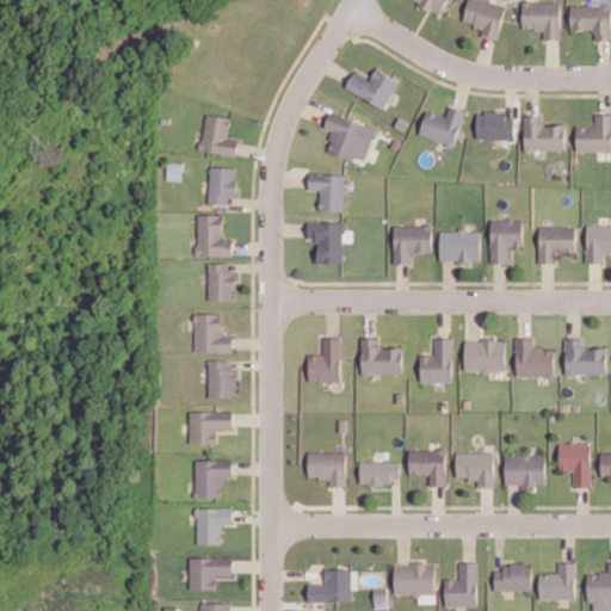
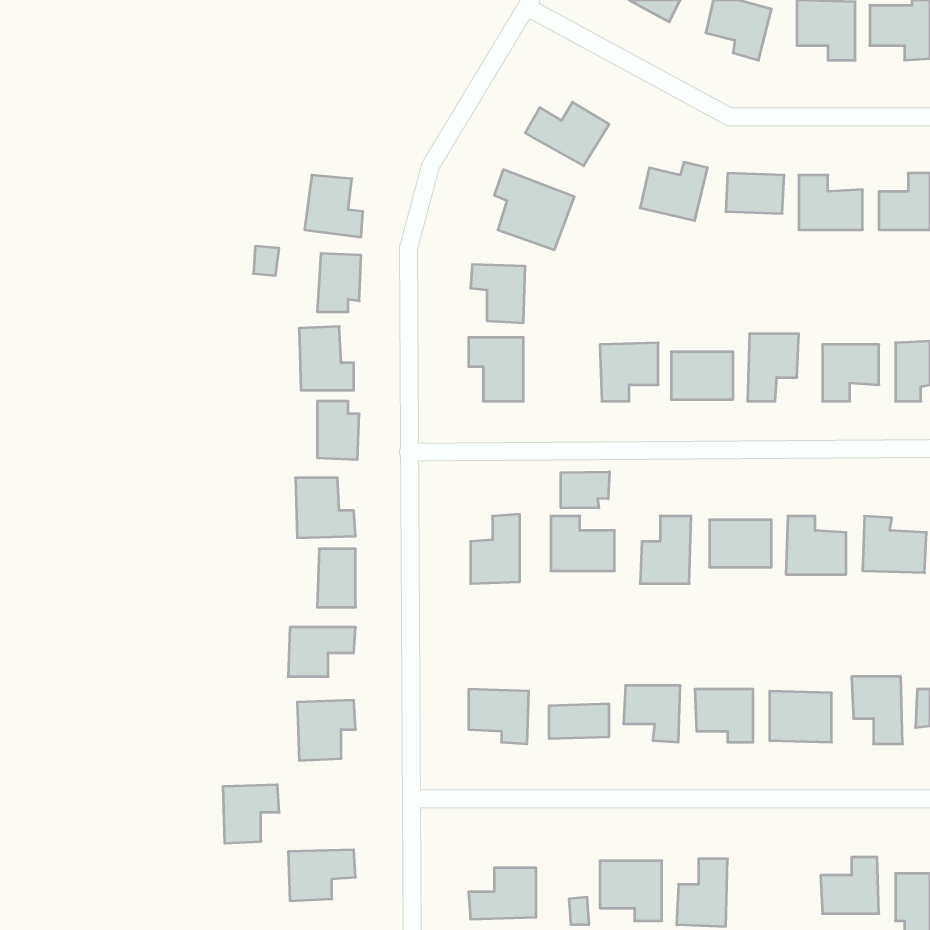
building: none -> [561,472,609,508]
building: [196,507,233,545] -> [223,785,279,843]
building: [492,566,530,592] -> none

